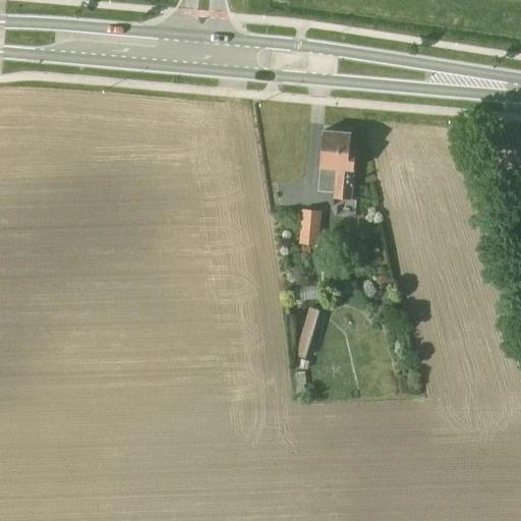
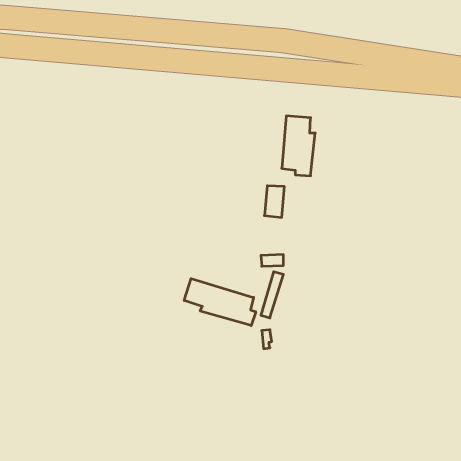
building: none -> [184,279,256,326]

